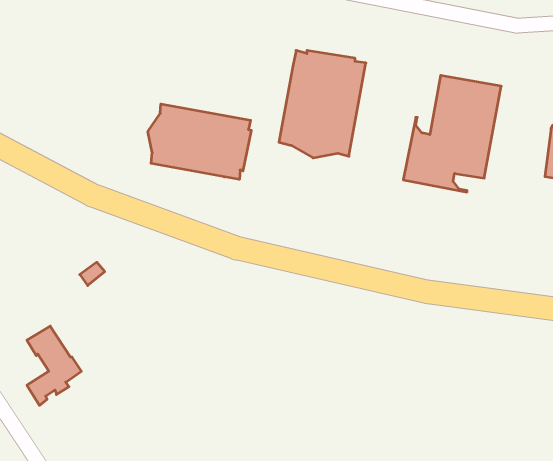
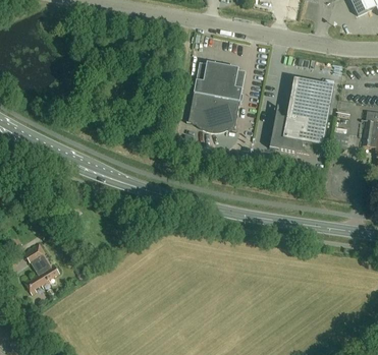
building: [148,104,251,179] -> none

